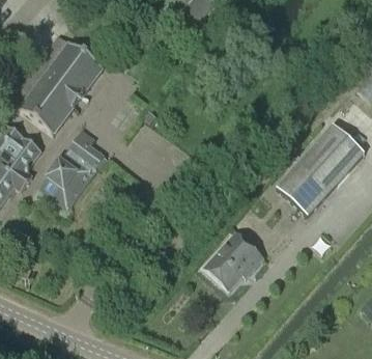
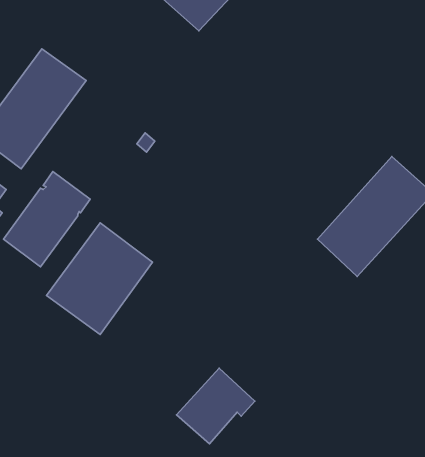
building: none -> [47,223,153,335]
building: [204,230,263,287] -> [176,368,255,444]

